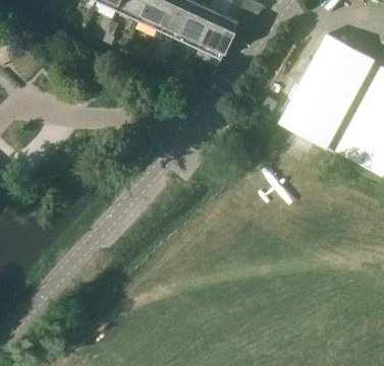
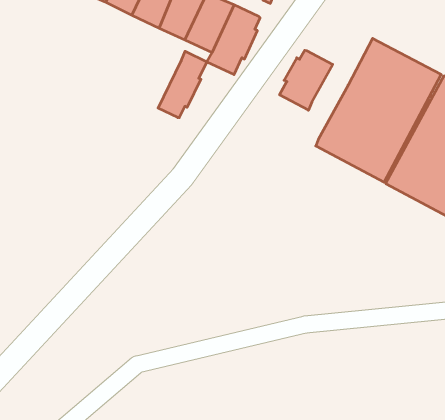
building: none -> [280,50,333,110]
building: none -> [158,51,207,118]

